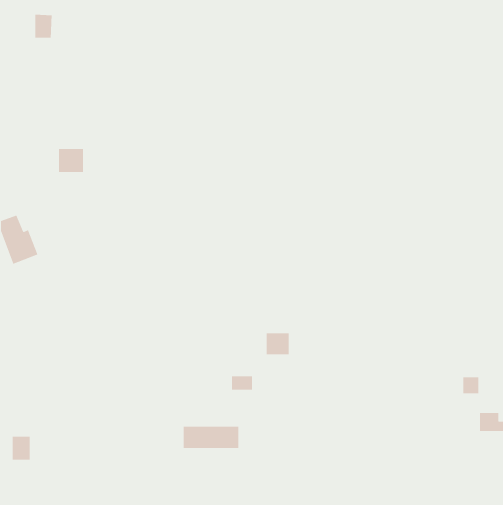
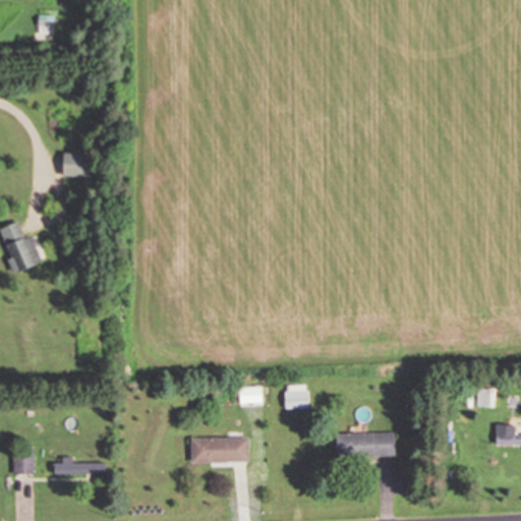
building: [266,332,290,355] -> [285,385,309,408]
building: none -> [336,432,395,458]
building: none -> [53,456,106,474]

